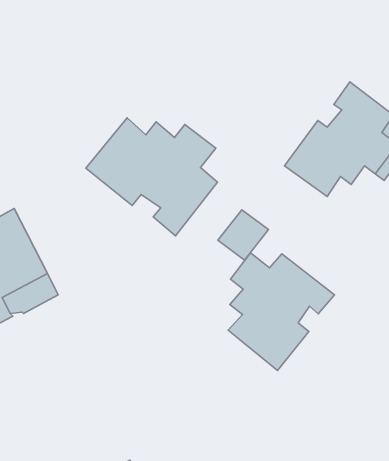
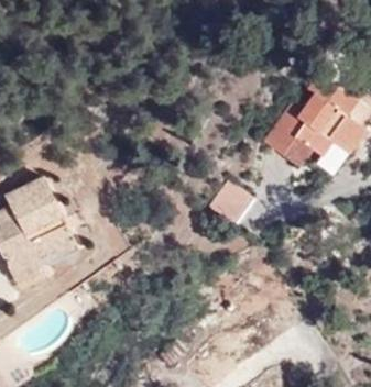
building: [86,118,217,236] -> none
building: [228,253,334,370] -> none

